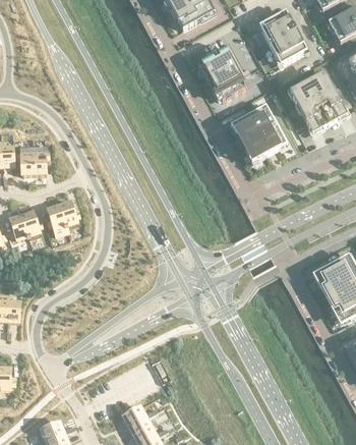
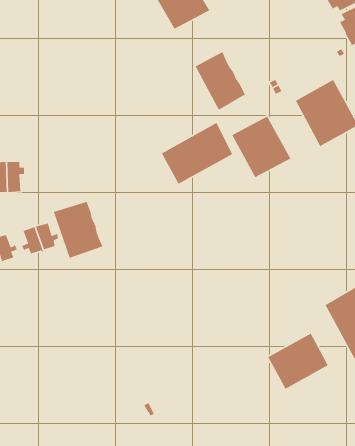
building: [258,11,304,64] -> none
building: none -> [161,122,233,185]
building: none -> [53,201,103,259]
building: none -> [267,332,329,390]

